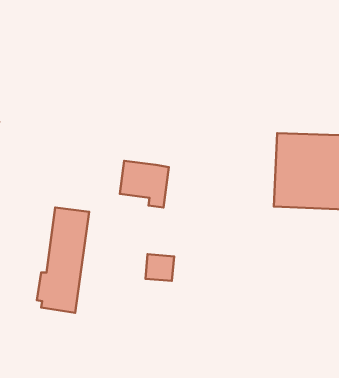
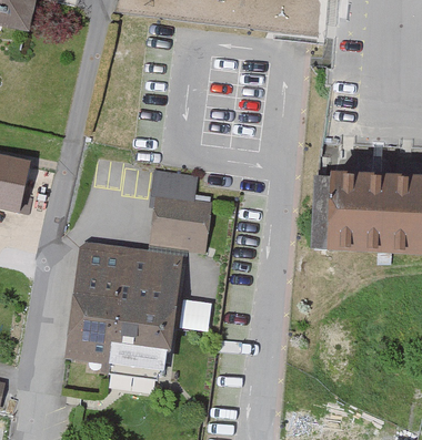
building: none -> [150,171,198,208]
building: none -> [109,254,175,380]

